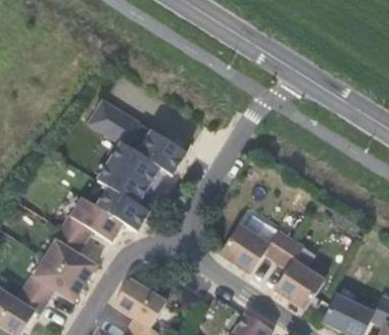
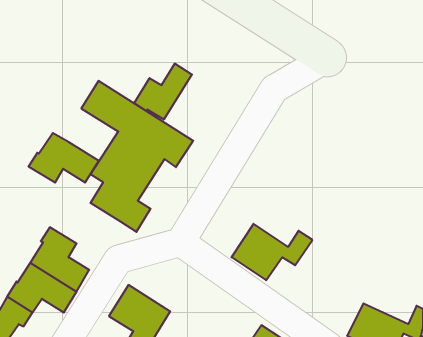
building: none -> [134,63,192,120]
building: [61,198,122,241] -> [28,133,99,183]
building: [274,238,323,310] -> none

